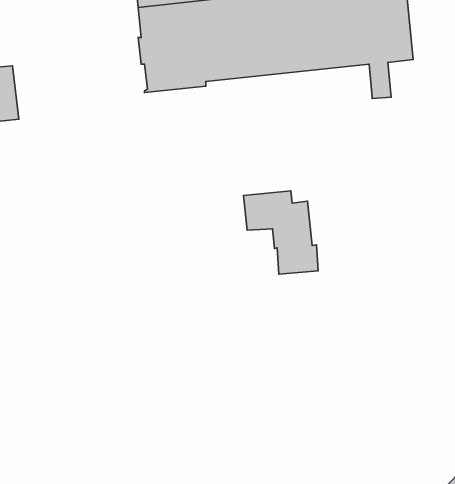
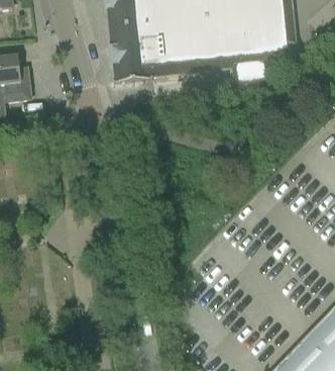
building: [243,191,318,274] -> none

